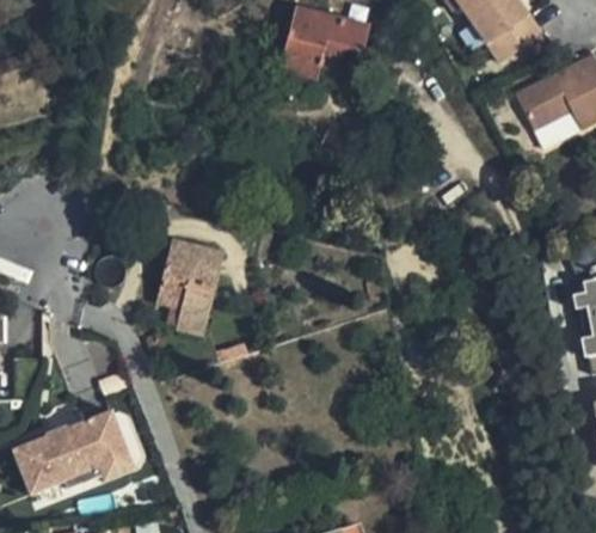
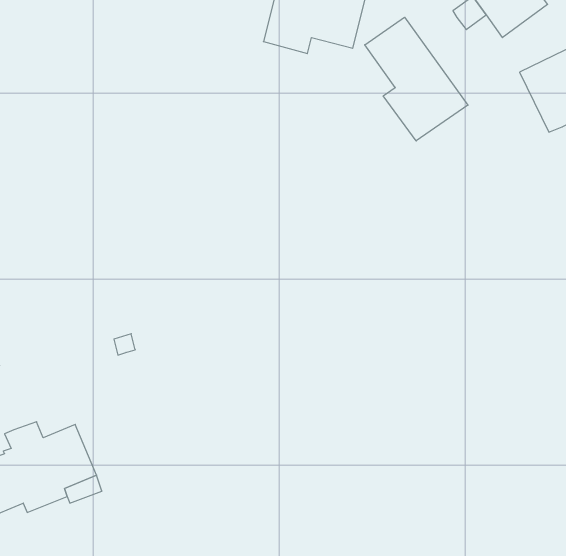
building: none -> [365,17,468,141]
building: [155,238,223,333] -> none

